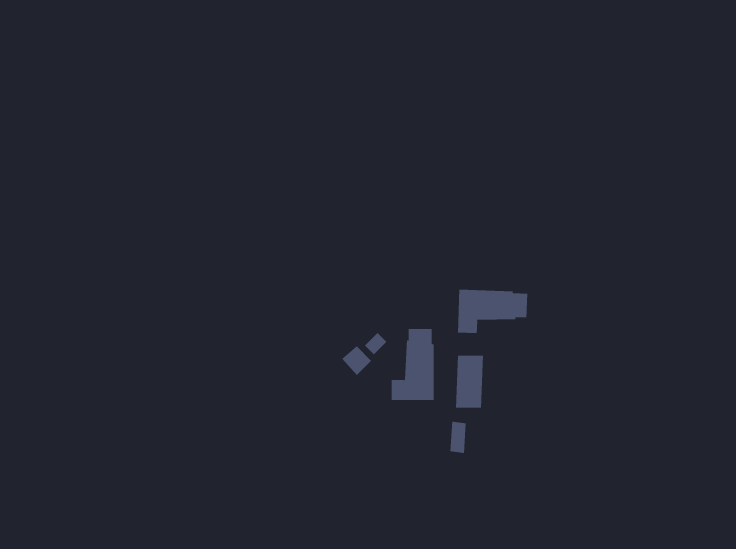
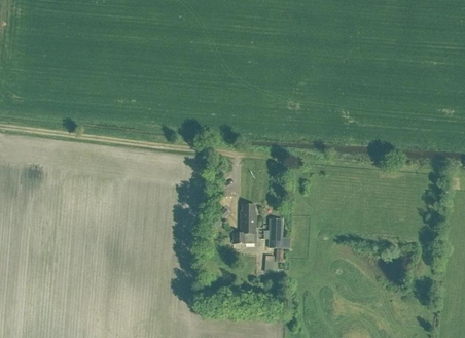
building: [457,289,528,334] -> none

